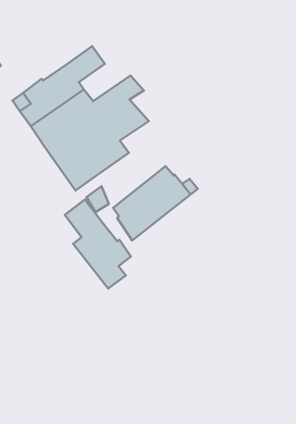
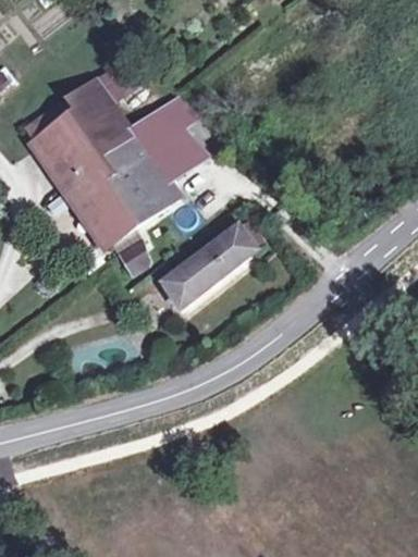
building: [65,200,131,289] -> none

